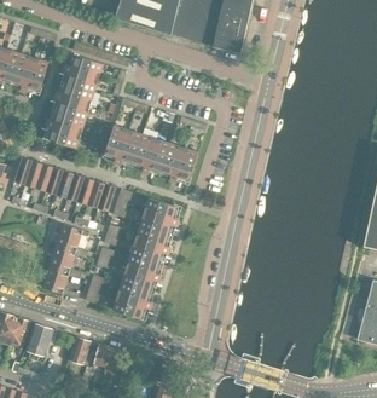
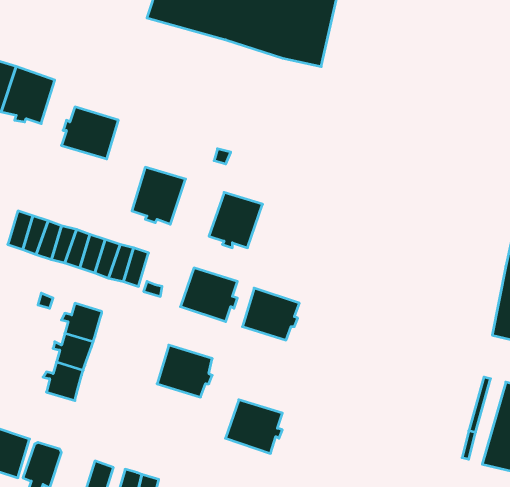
building: [63,53,103,91] -> none
building: [45,109,86,148] -> none
building: [132,133,170,174] -> none
building: [130,225,172,263] -> [242,288,299,340]
building: [112,281,153,319] -> [225,400,282,453]

